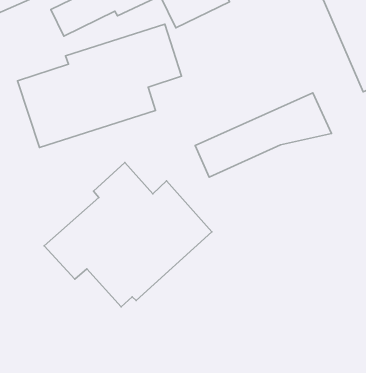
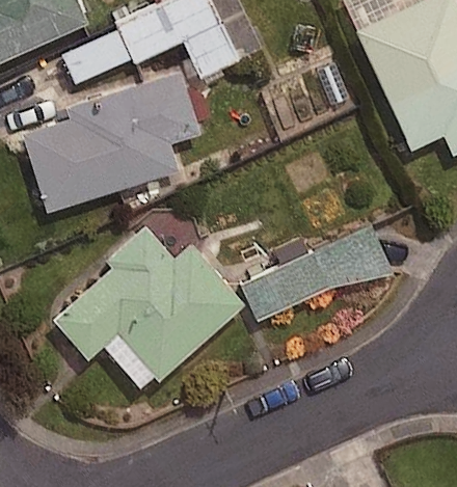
building: [195,93,331,177] -> [238,226,391,321]

